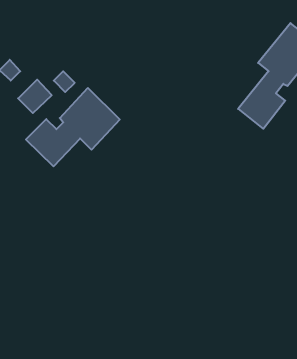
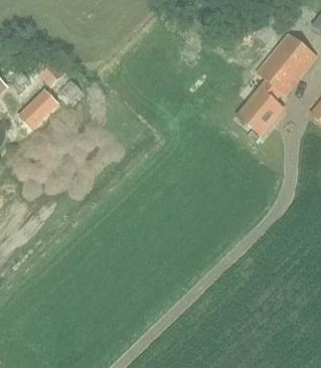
building: [26,88,120,166] -> none

